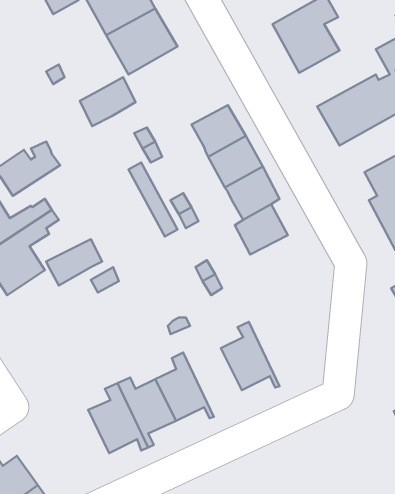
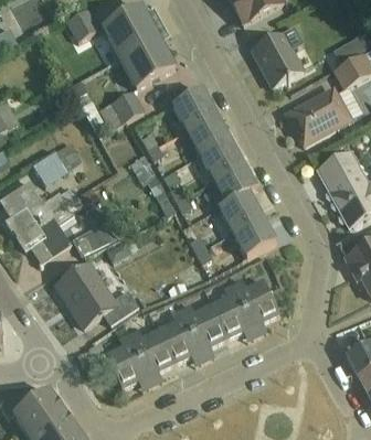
building: none -> [172,87,215,128]
building: none -> [233,215,276,256]
building: none -> [56,264,138,325]
building: none -> [232,278,279,334]
building: none -> [180,303,226,358]

